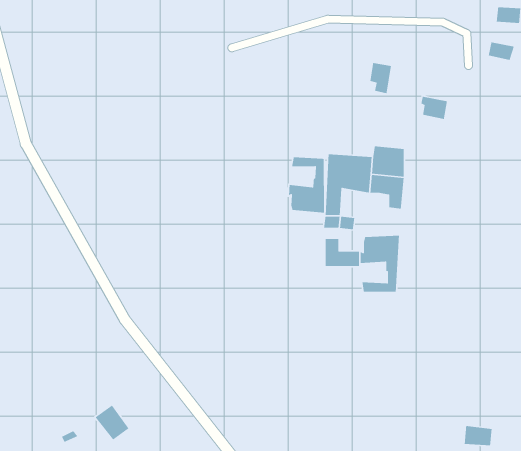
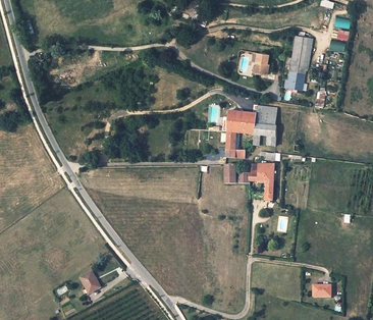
building: none -> [286,35,310,74]
building: [288,157,325,214] -> none

